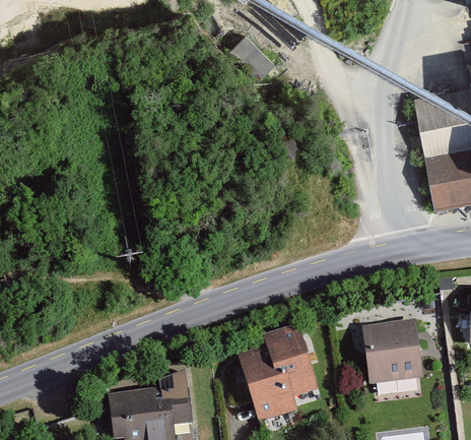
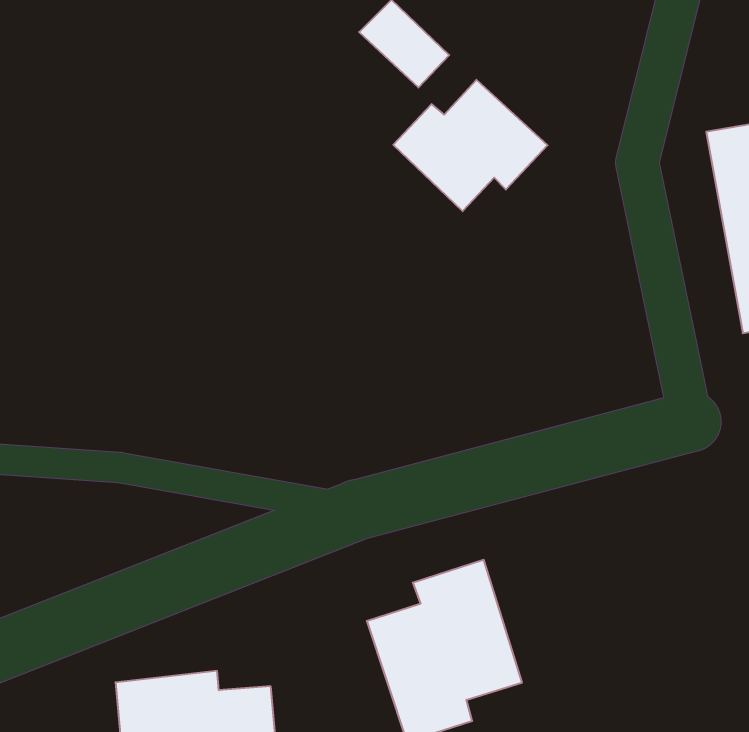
building: none -> [393,80,548,211]
building: [362,323,423,389] -> none

